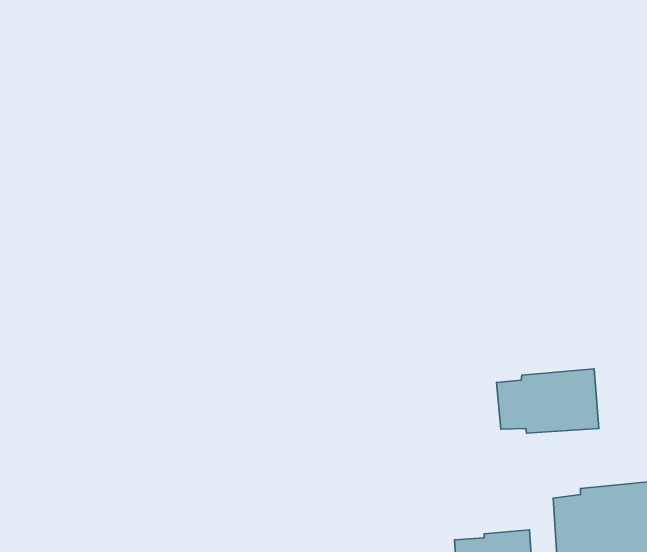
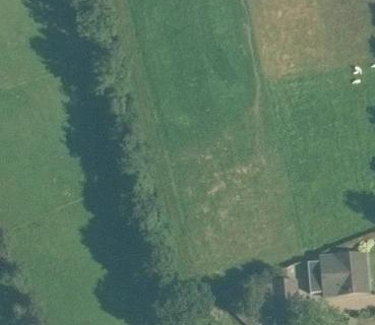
building: [496,369,599,433] -> none

